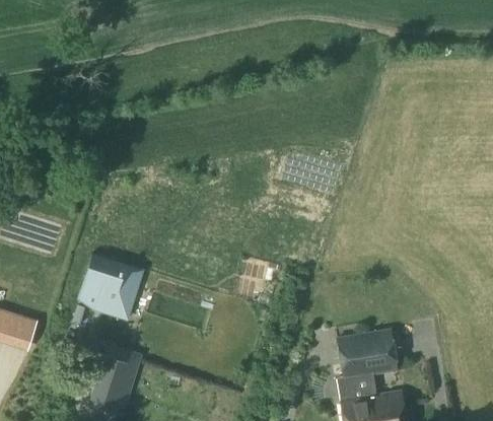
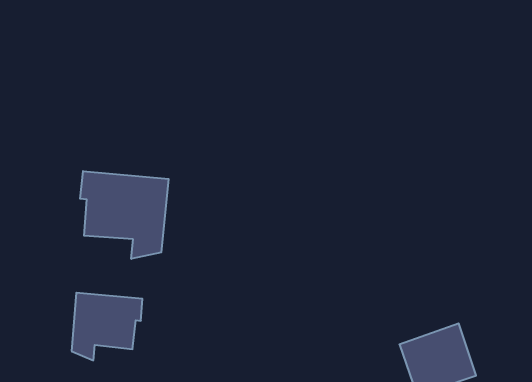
building: none -> [80,171,169,259]

